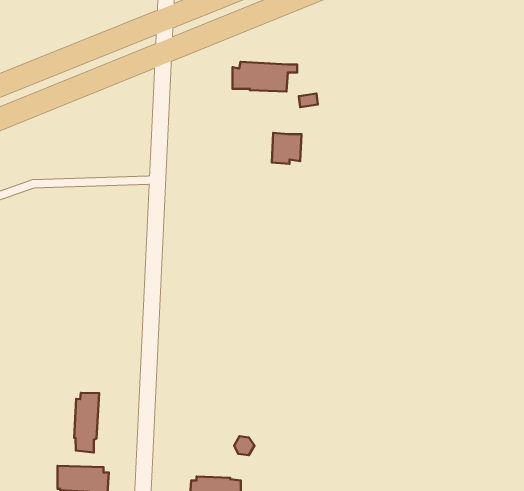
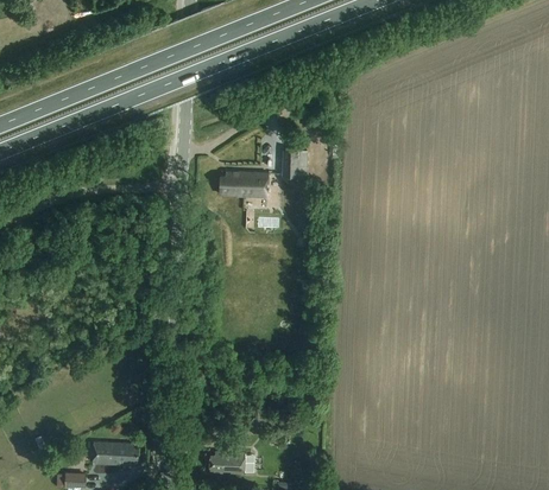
building: [232,62,297,92] -> [219,171,276,197]
building: [74,393,99,452] -> none

